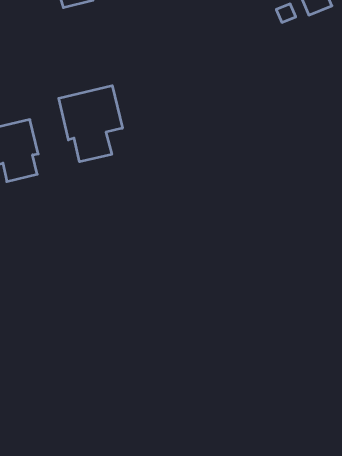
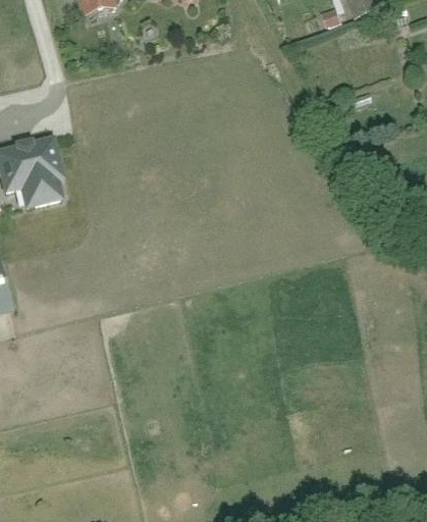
building: [59,86,122,162] -> none

